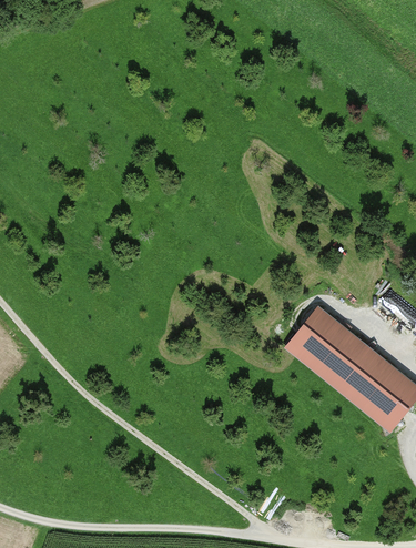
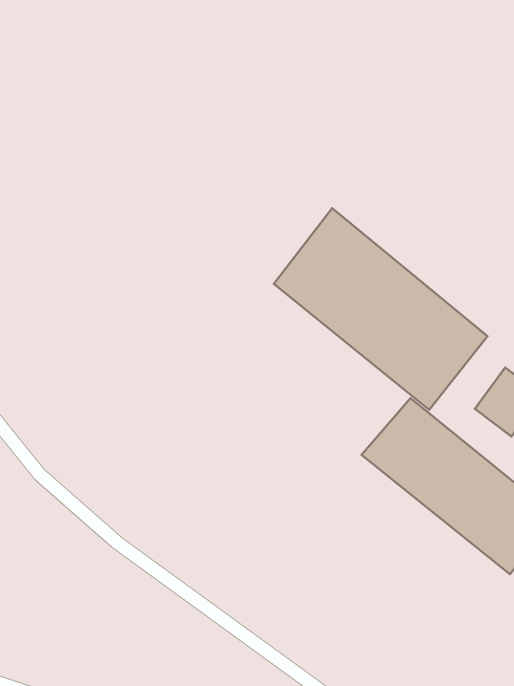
building: none -> [274,208,488,410]

